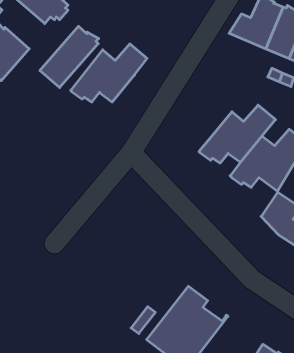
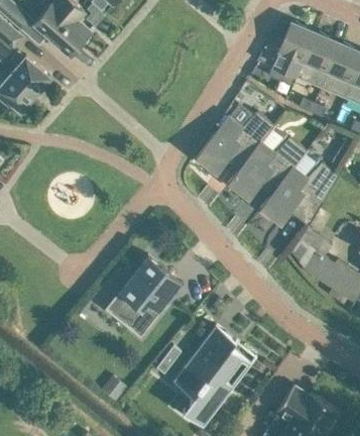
building: [40,26,99,88] -> none
building: [71,44,147,102] -> [195,111,274,172]
building: none -> [113,255,184,338]

